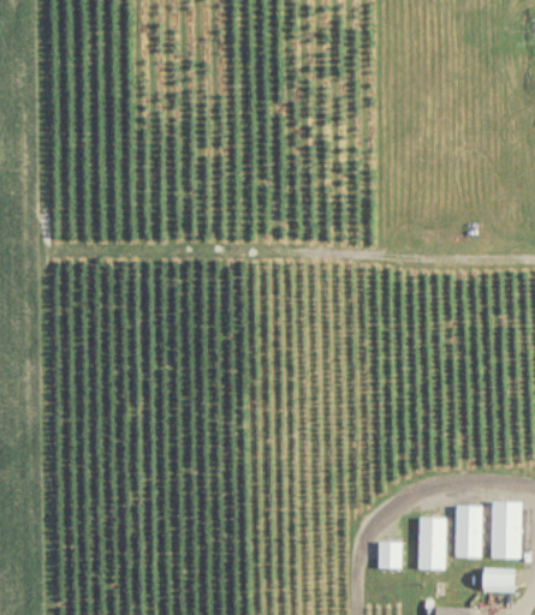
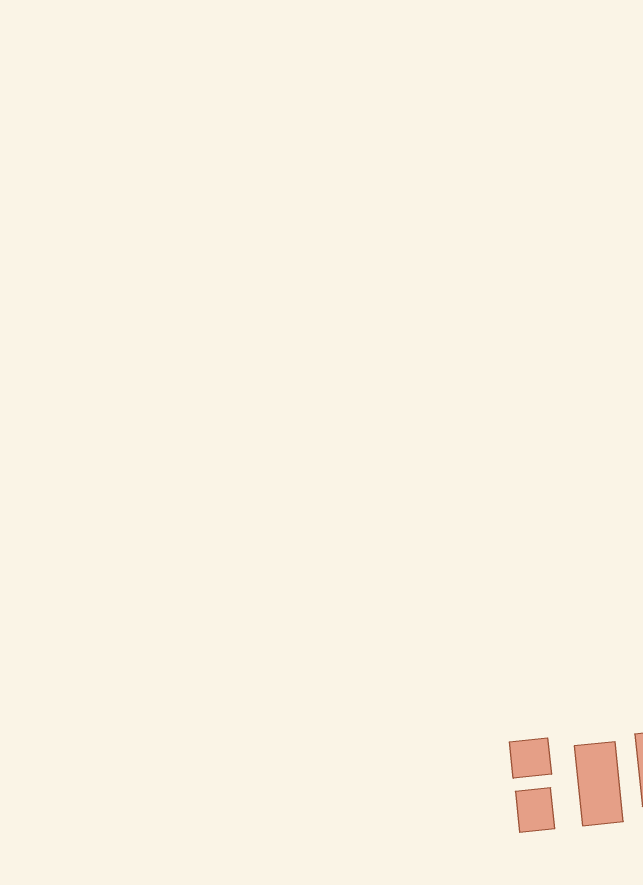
building: none -> [509,738,551,778]

